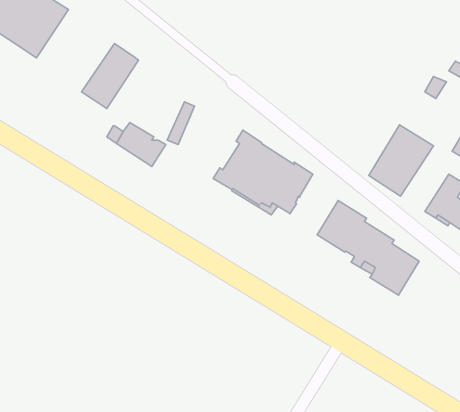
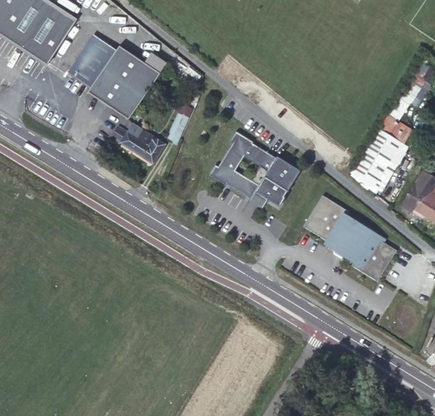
building: none -> [69,35,117,88]
building: none -> [112,55,166,117]
building: none -> [382,114,413,141]

